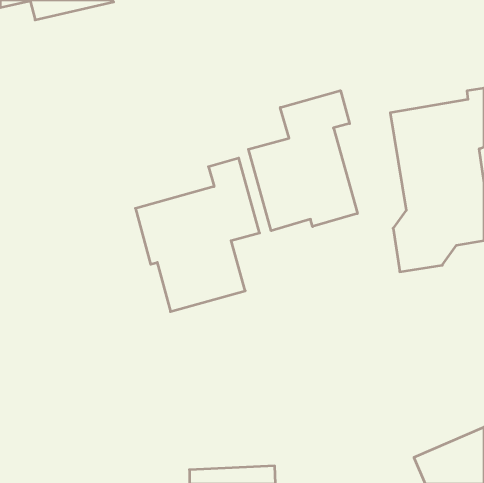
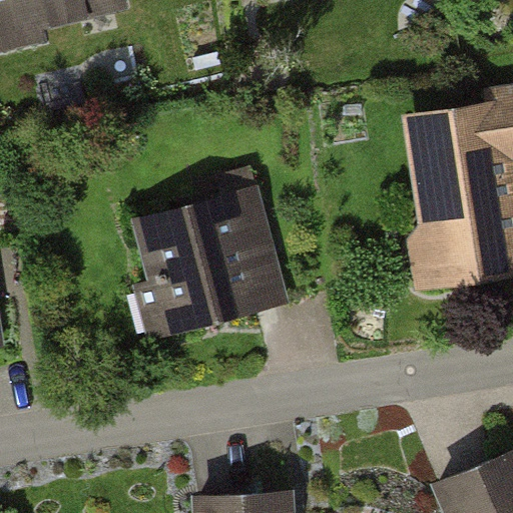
building: [248,91,357,231] -> none

